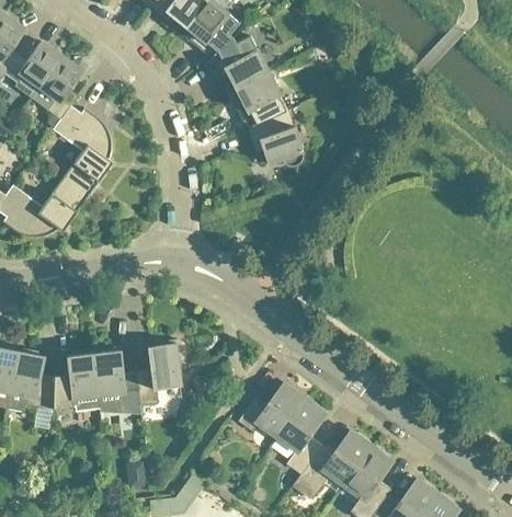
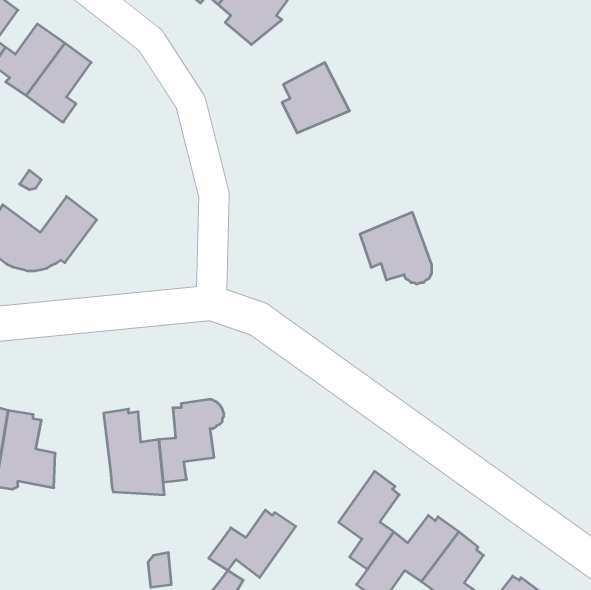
building: [209,36,268,89] -> none
building: [53,104,112,196] -> none
building: [246,110,303,166] -> [360,212,432,284]
building: [53,349,99,411] -> none
building: [238,382,307,436] -> [209,510,296,578]

